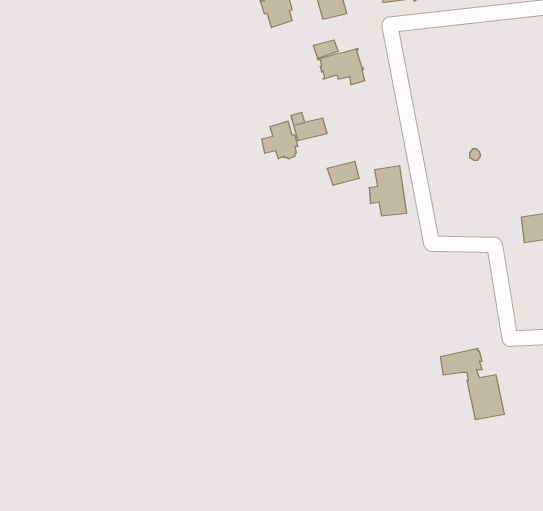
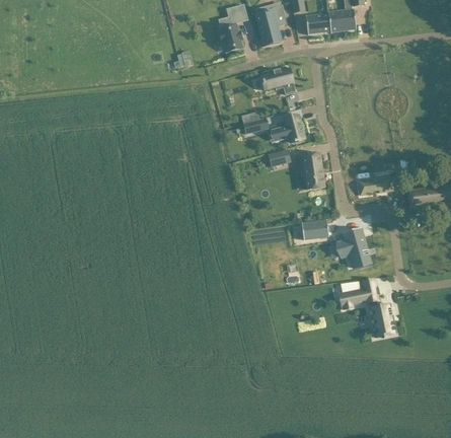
building: [262,121,298,159] -> [278,115,304,142]
building: none -> [358,176,391,195]
building: none -> [301,220,327,239]
building: none -> [343,227,369,267]

